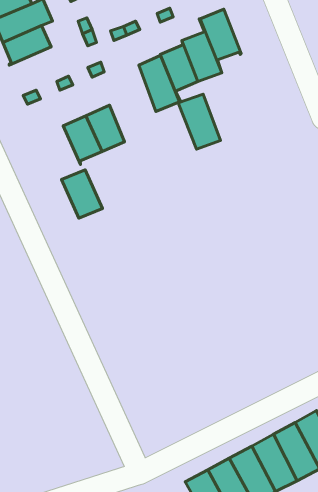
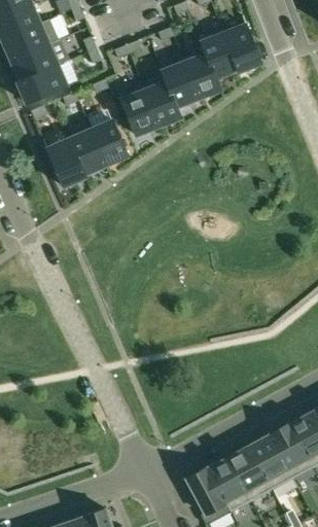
building: none -> [222,25,261,71]
building: none -> [17,65,67,104]
building: [178,94,220,149] -> [117,82,157,135]
building: [61,170,102,218] -> [46,140,85,186]

